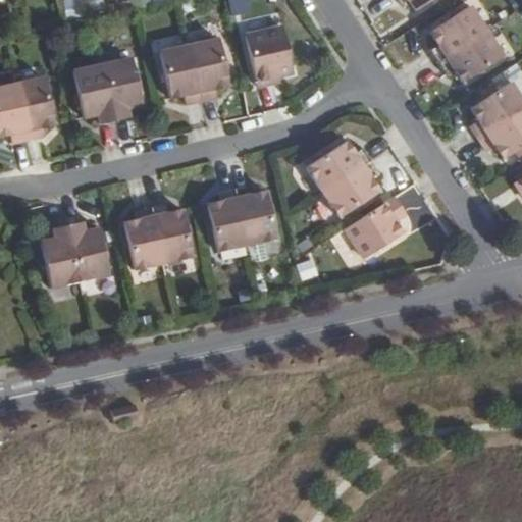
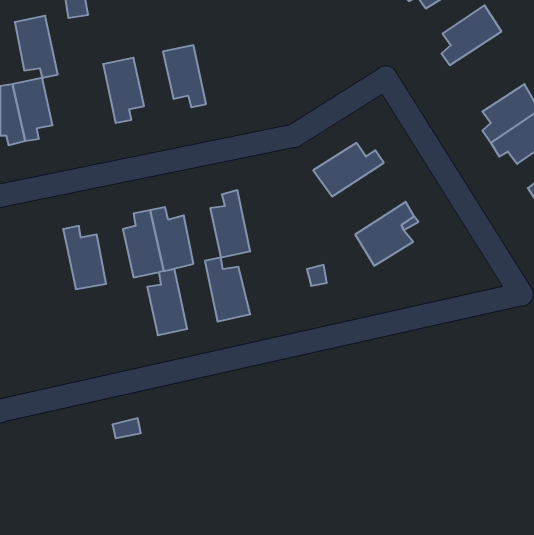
building: [250,22,298,85] -> none
building: [439,31,505,84] -> none
building: [191,37,229,101] -> none
building: [73,62,115,122] -> [15,16,58,78]
building: [325,158,382,216] -> none
building: [233,181,277,244] -> [205,258,250,322]
building: [38,222,76,286] -> [147,269,187,335]

